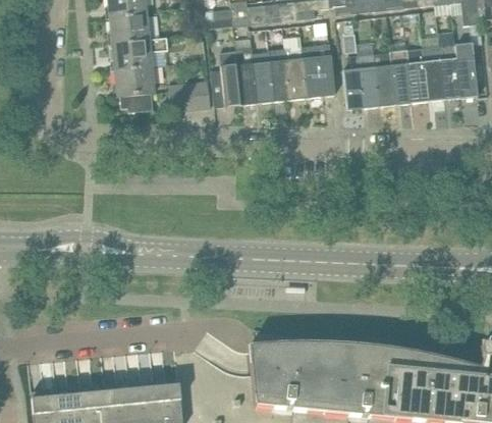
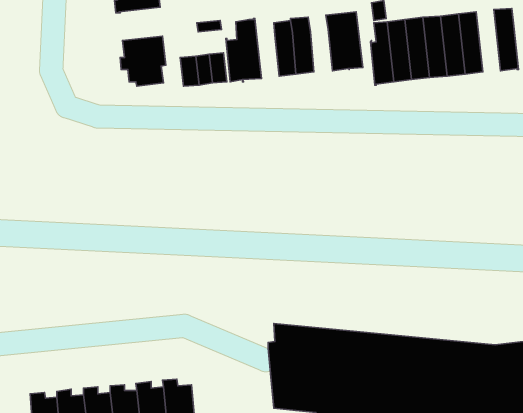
building: [111,41,153,71] -> none
building: [440,43,462,100] -> none
building: [286,48,309,100] -> none
building: [237,49,260,106] -> none

